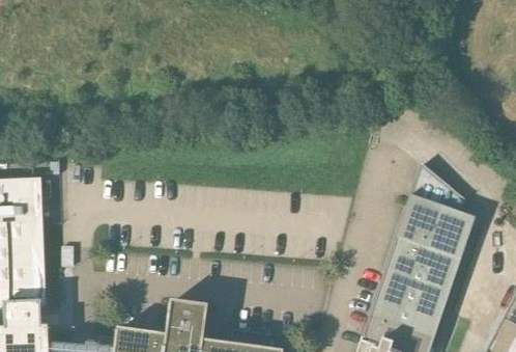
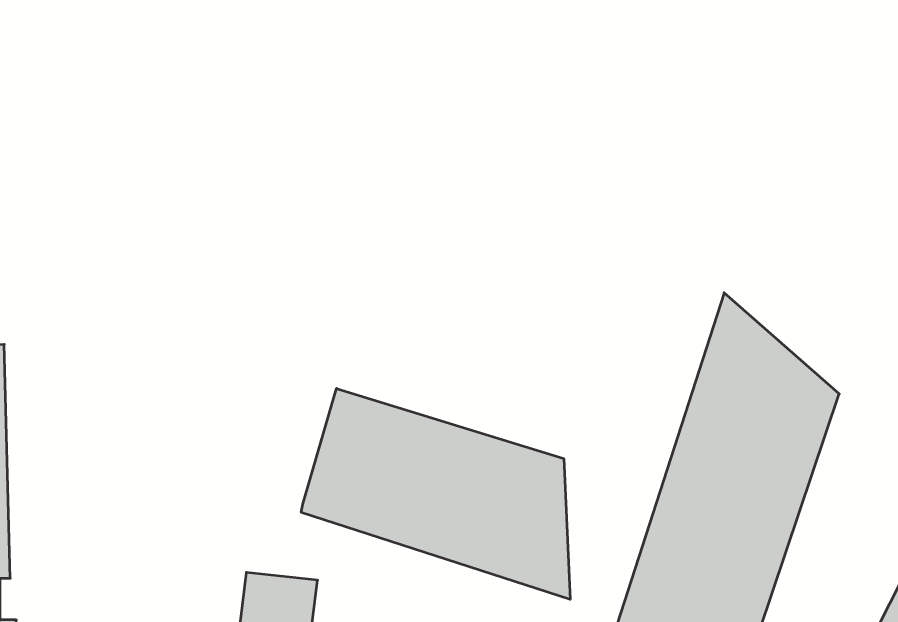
building: none -> [301,388,570,599]

